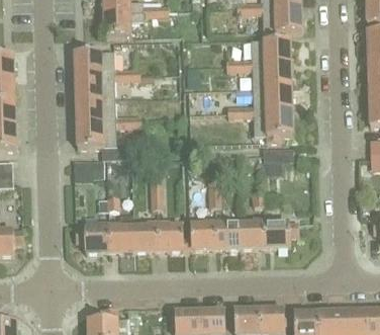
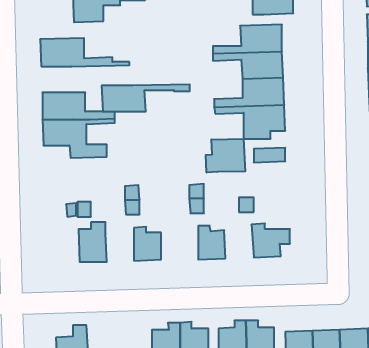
building: [75,75,154,99] -> [102,84,190,112]
building: none -> [206,139,245,173]
building: [73,161,103,180] -> none
building: [239,218,265,248] -> none
building: [190,219,215,250] -> none
building: [132,221,158,251] -> none
building: [74,222,109,252] -> none

